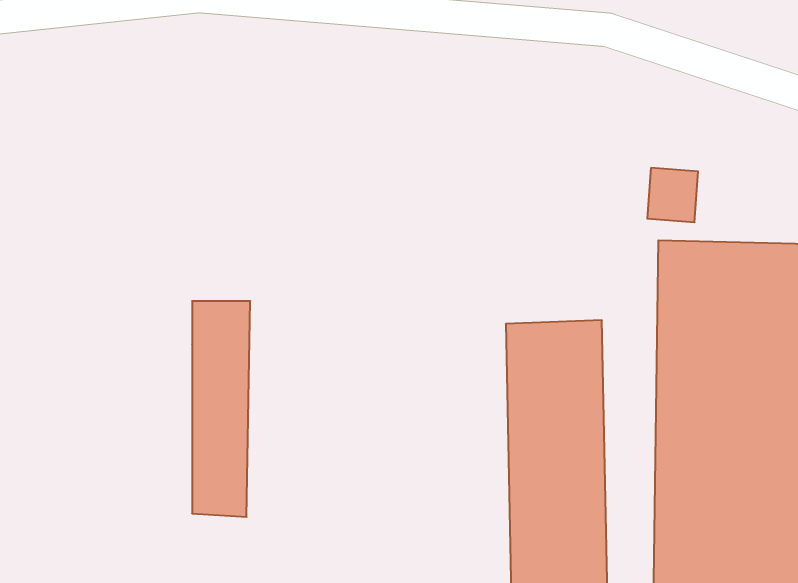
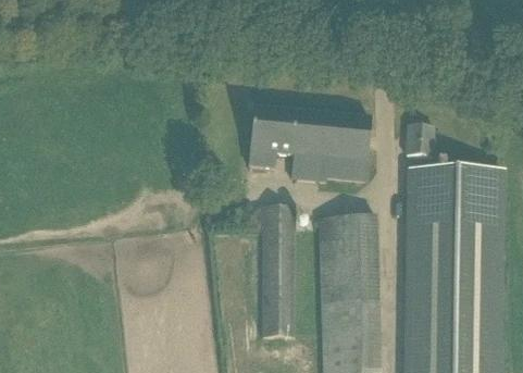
building: none -> [248,105,371,179]
building: [192,301,250,517] -> [262,206,297,335]

